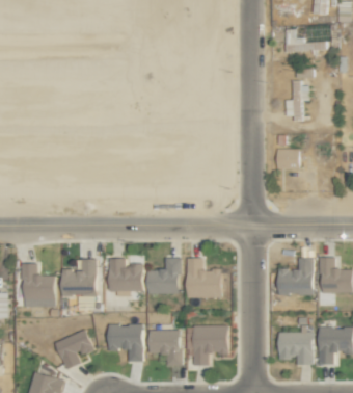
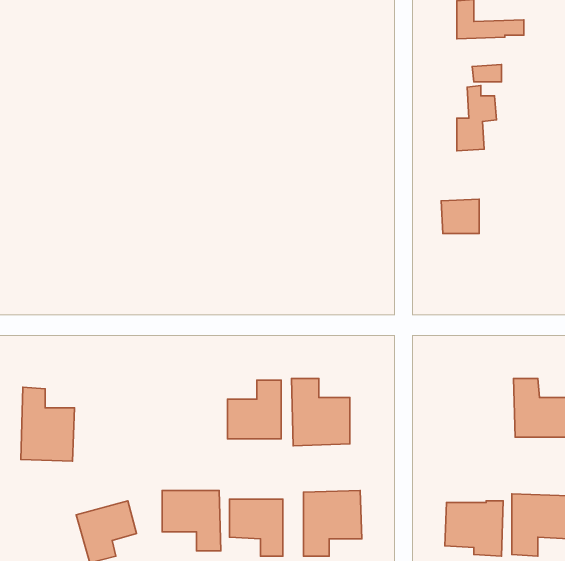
building: [60,258,96,296] -> none
building: [108,258,141,294] -> none
building: [277,258,313,294] -> none

